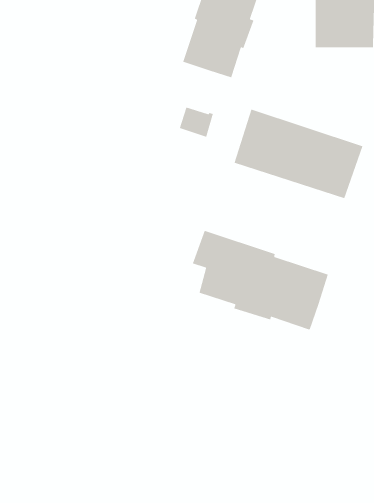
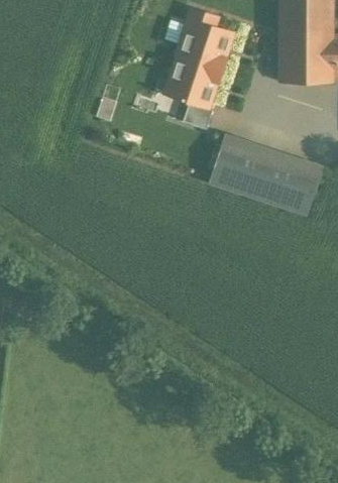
building: [179,107,214,138] -> [182,102,212,129]
building: [192,230,329,330] -> none

